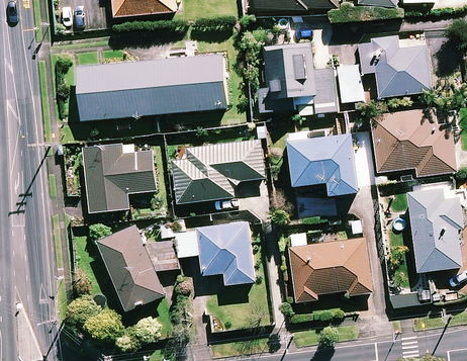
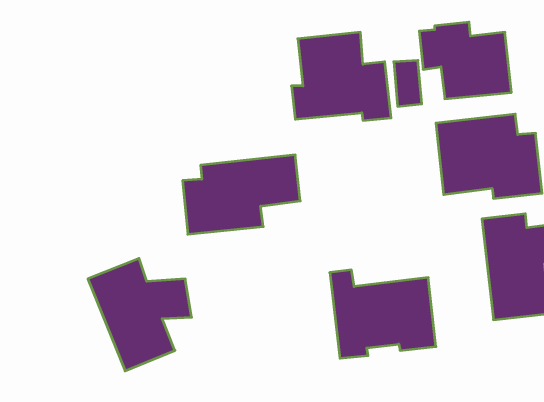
building: [76,54,226,120] -> none
building: [289,127,360,194] -> none
building: [84,144,155,211] -> none
building: [160,218,254,284] -> none

